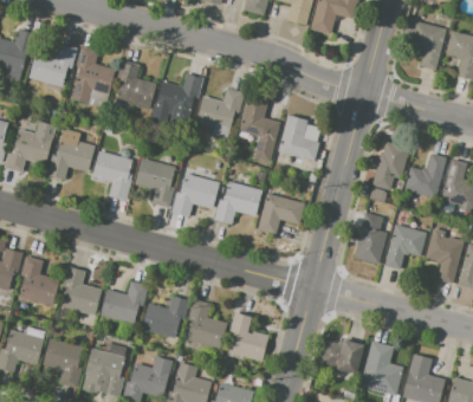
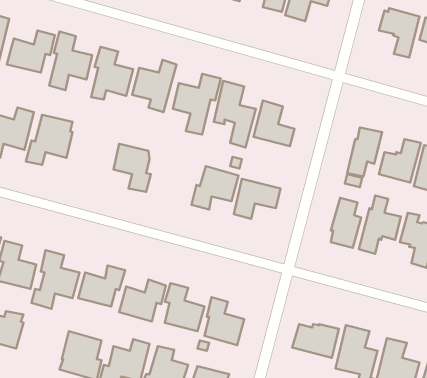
building: [91,151,132,200] -> none
building: [171,175,219,216] -> none
building: [43,338,83,388] -> none

